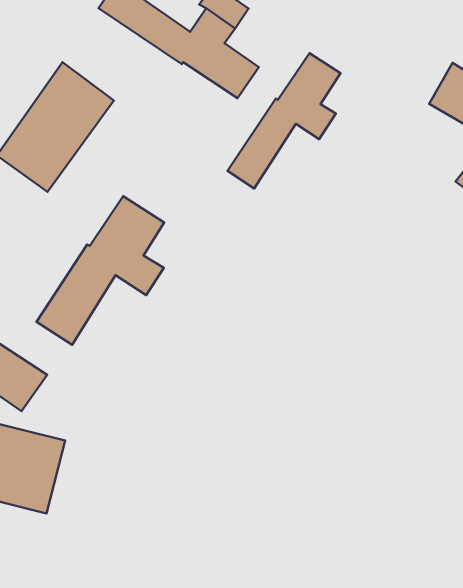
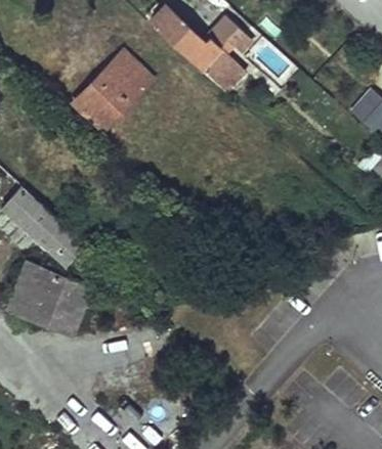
building: [227,53,340,189] -> none
building: [36,196,164,345] -> none

